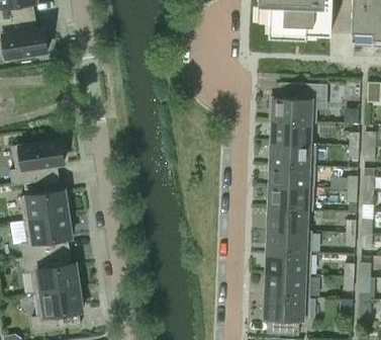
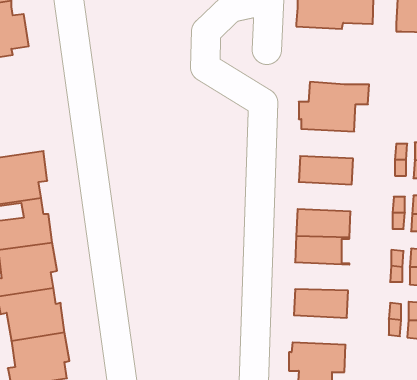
building: [271,121,315,146] -> none
building: [269,165,313,189] -> none
building: [267,231,311,254] -> none
building: [265,274,309,299] -> none

